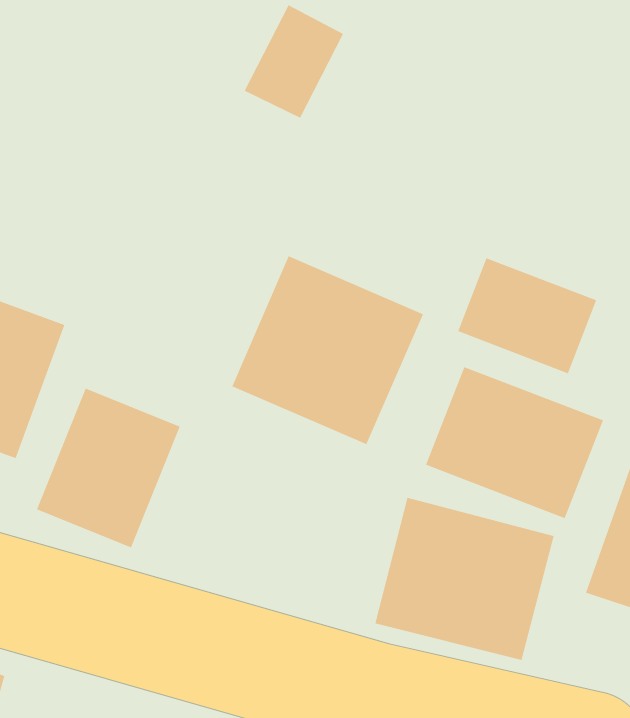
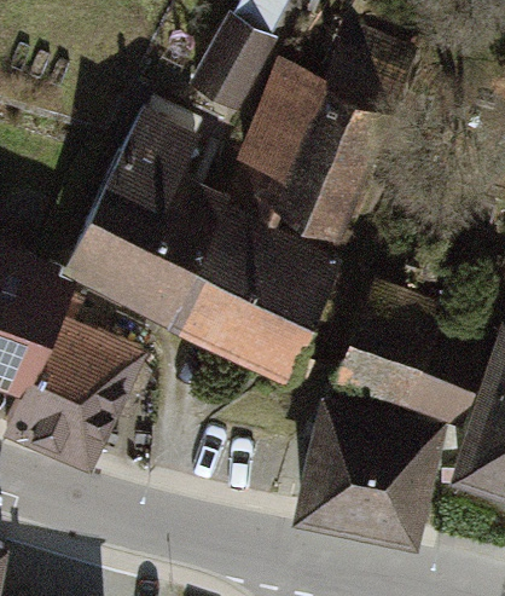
building: none -> [243,31,401,225]
building: none -> [71,109,222,318]
building: [458,257,597,374] -> none

